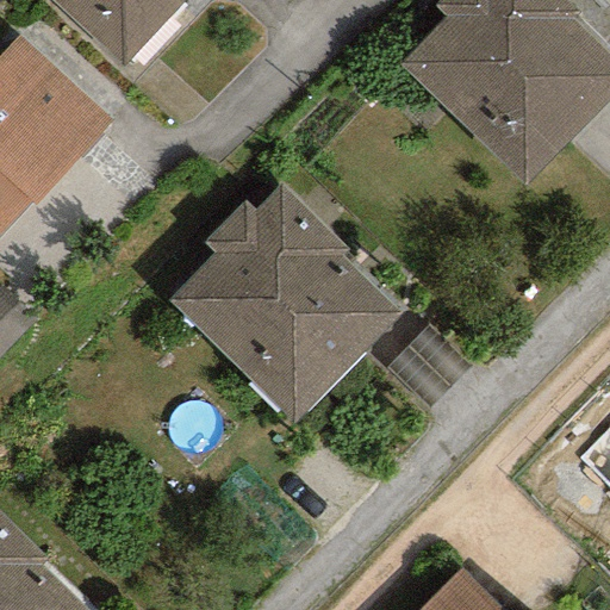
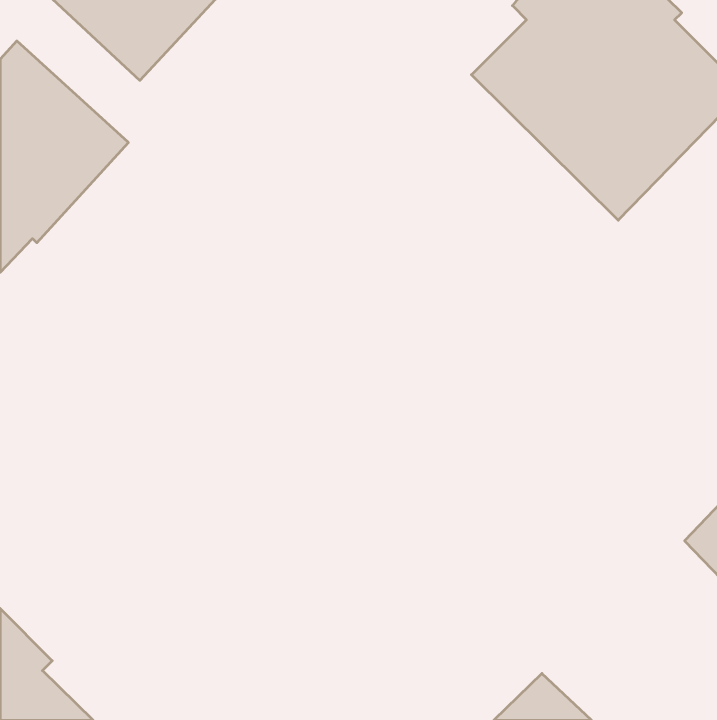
building: [168,183,402,423] -> none

